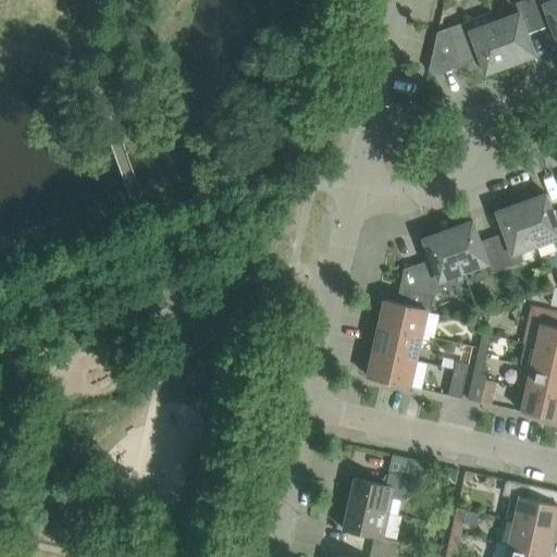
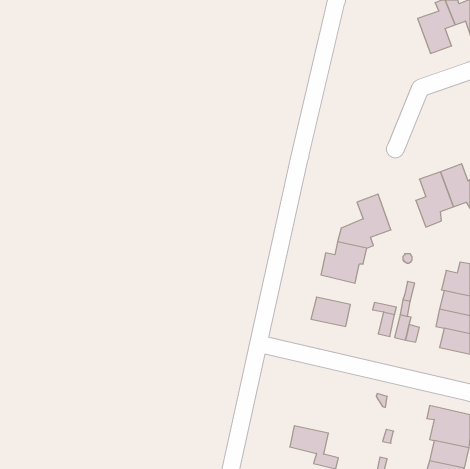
building: [428,13,509,76] -> none
building: [447,222,504,274] -> none
building: [374,326,420,361] -> none
building: [348,455,426,513] -> none

